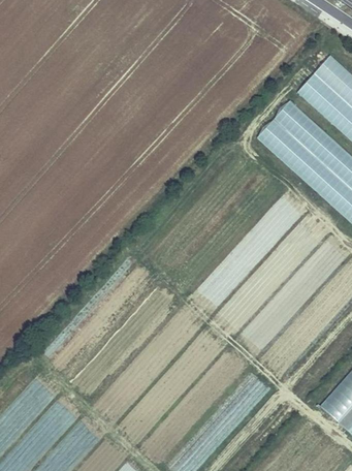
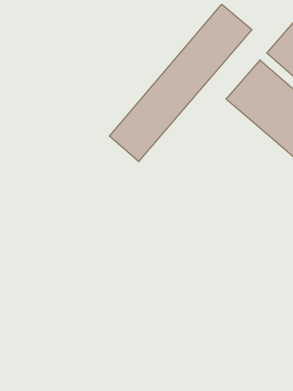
building: none -> [110,4,252,162]

